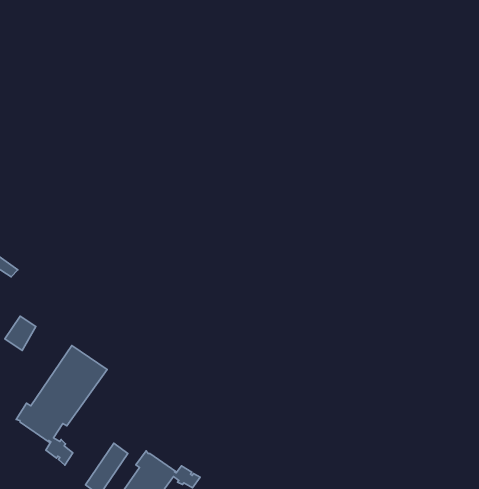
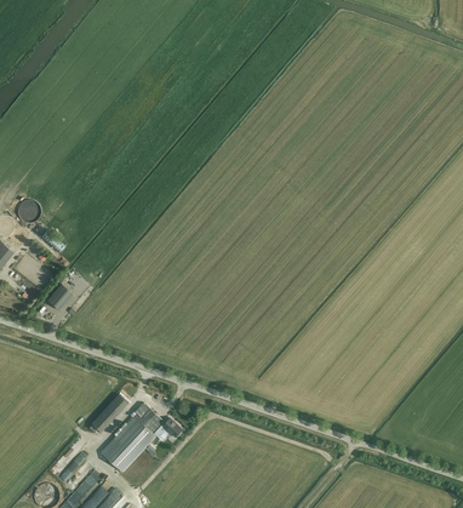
building: [16,346,107,465] -> none

